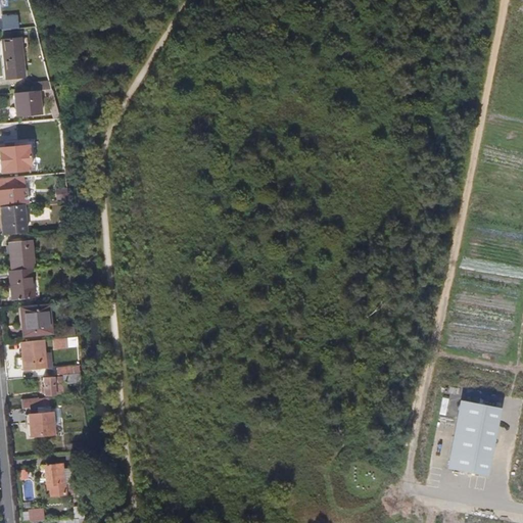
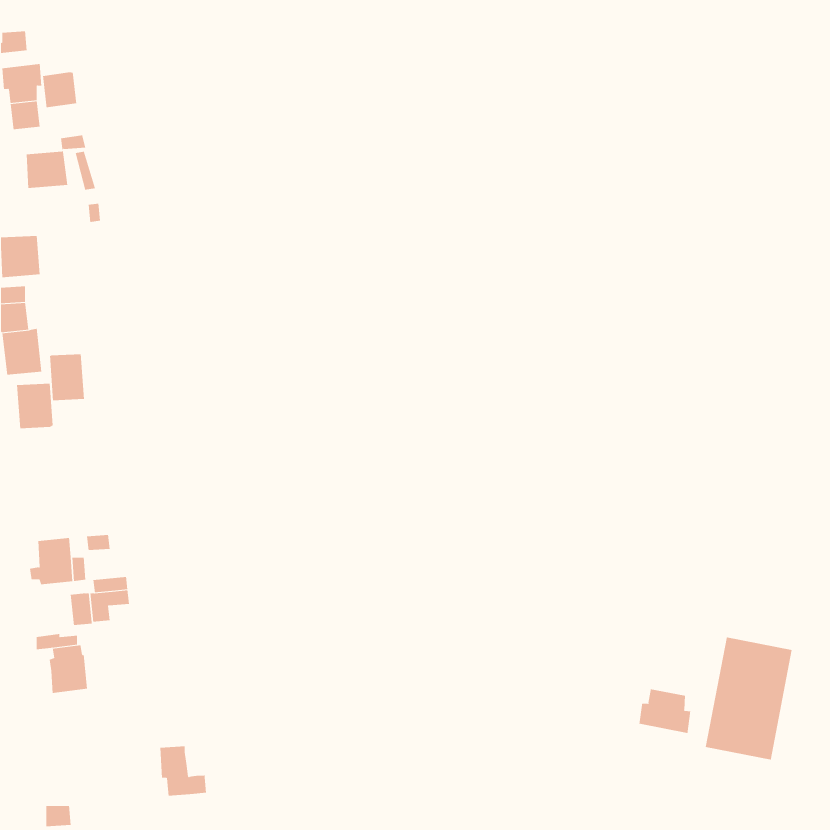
building: none -> [42,72,77,108]
building: [11,269,34,298] -> [49,354,85,401]
building: [21,304,52,333] -> none
building: none -> [639,688,691,734]
building: [46,464,76,495] -> [160,746,207,796]

